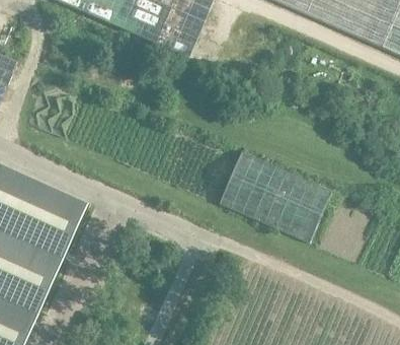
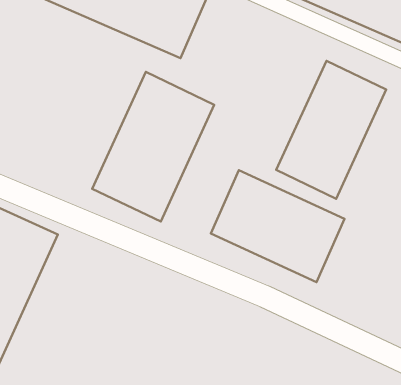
building: none -> [276,61,386,199]
building: none -> [92,72,214,222]

